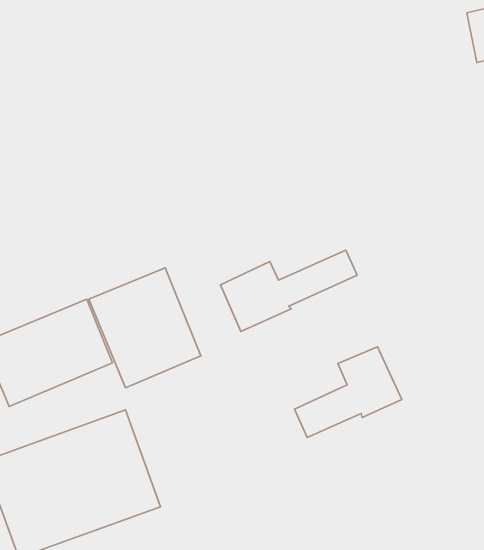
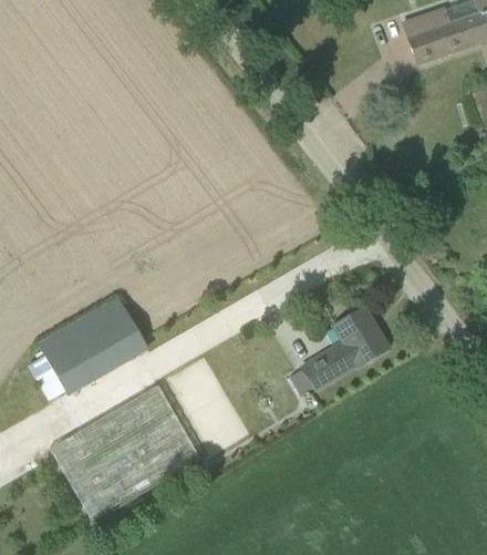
building: [220,250,357,332] -> none
building: [89,268,201,388] -> none

